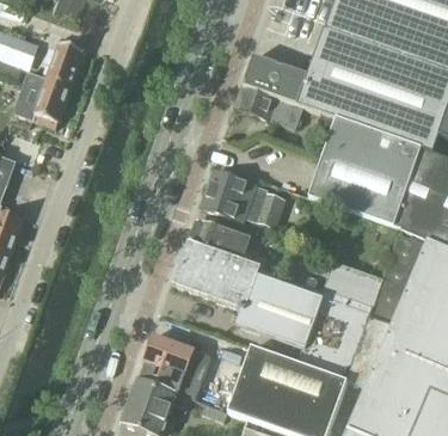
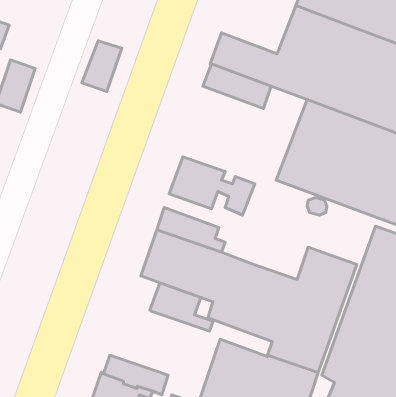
building: [48,39,86,88] -> [82,41,122,92]
building: [142,337,203,383] -> [150,283,213,331]

